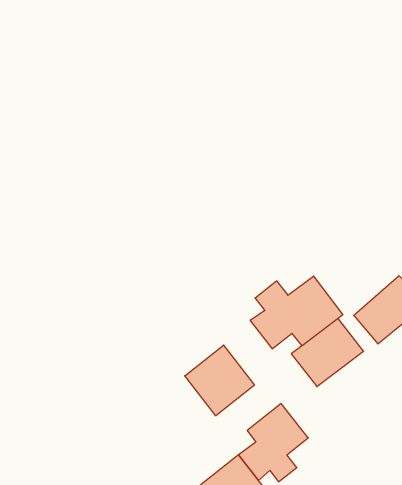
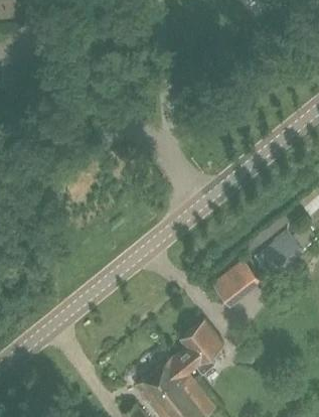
building: [250,276,343,349] -> none
building: [185,345,254,416] -> none

